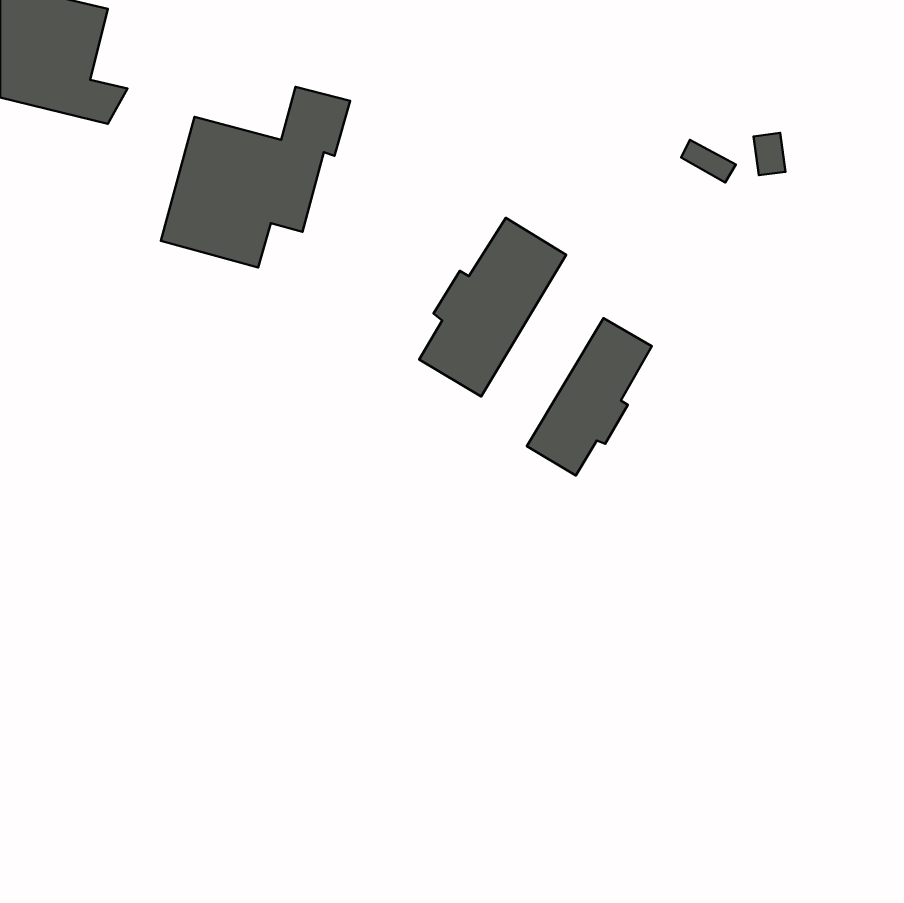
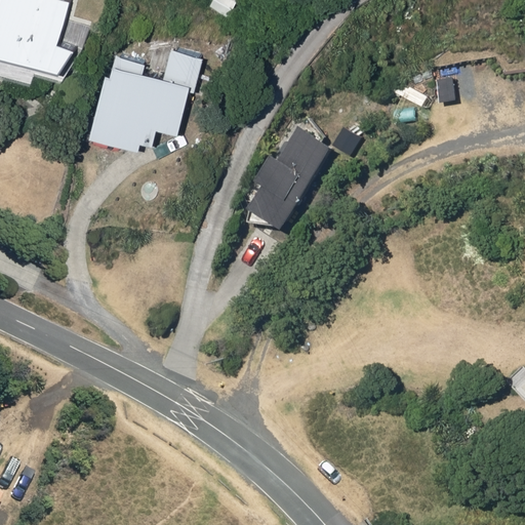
building: [527,318,652,475] -> none

